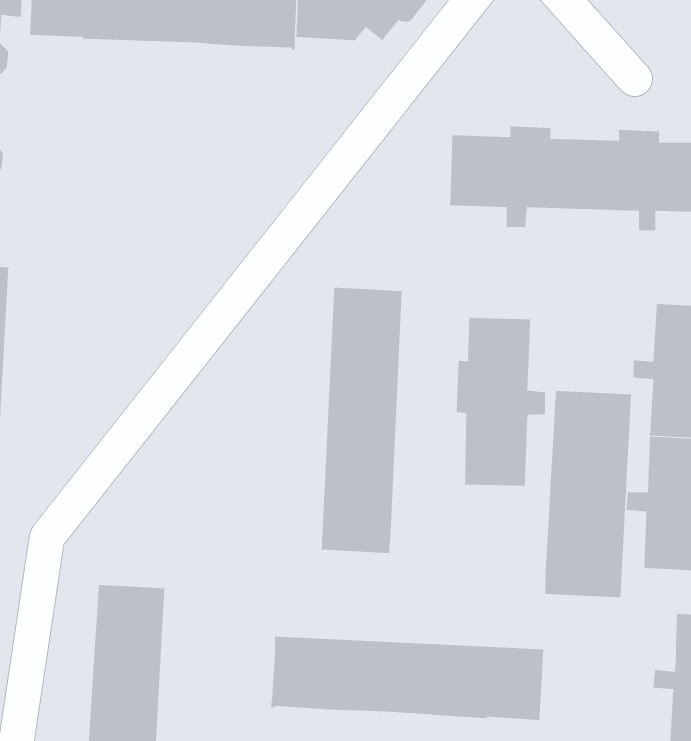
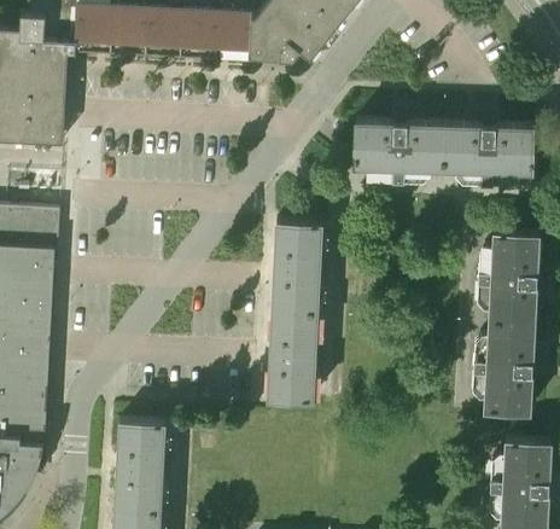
building: [456,317,546,487] -> none
building: [545,390,631,598] -> none
building: [271,636,544,721] -> none

